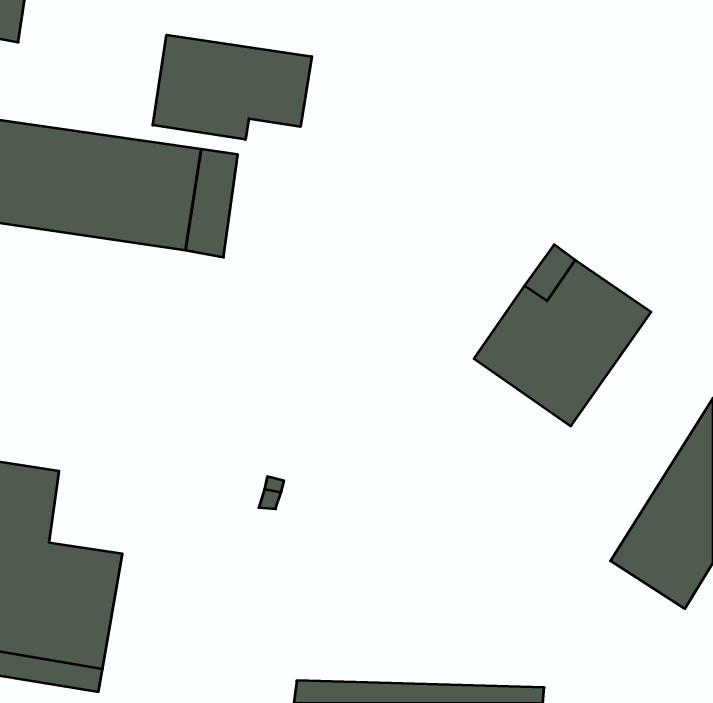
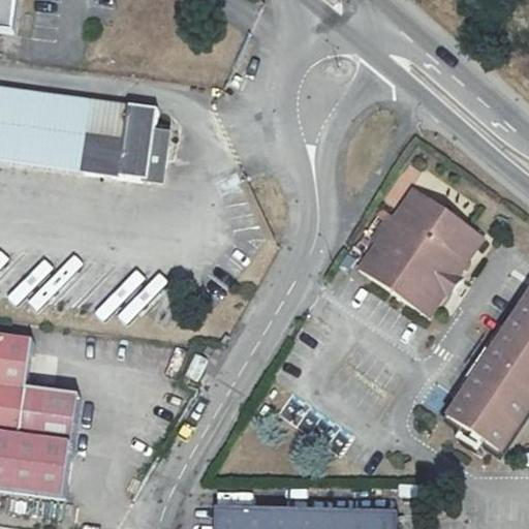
building: [153,35,312,140] -> none

